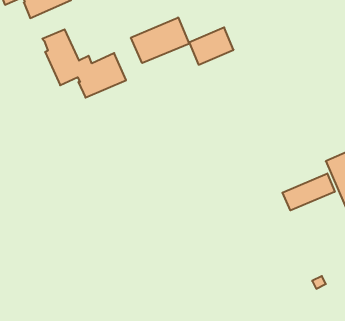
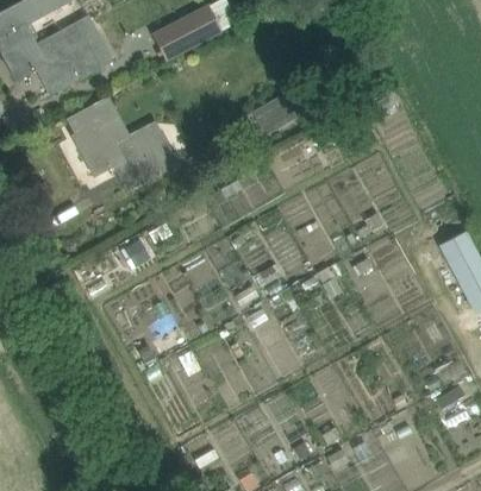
building: [131,17,189,63] -> none
building: [282,173,335,210] -> none

